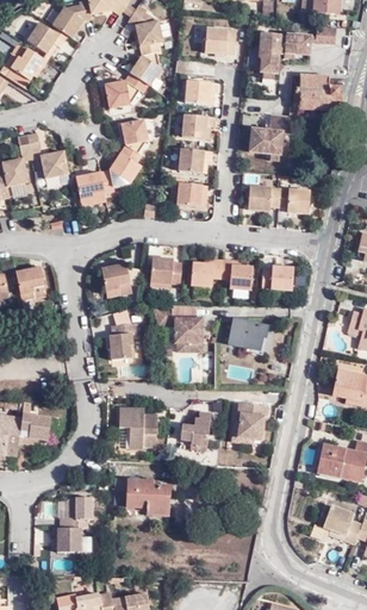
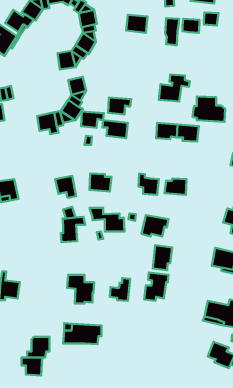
building: [296,73,343,110] -> [193,96,225,122]
building: [185,81,218,105] -> none
building: [182,114,216,138] -> [81,112,104,128]
building: [42,150,69,178] -> none
building: [192,259,224,286] -> none
building: none -> [153,245,172,270]

